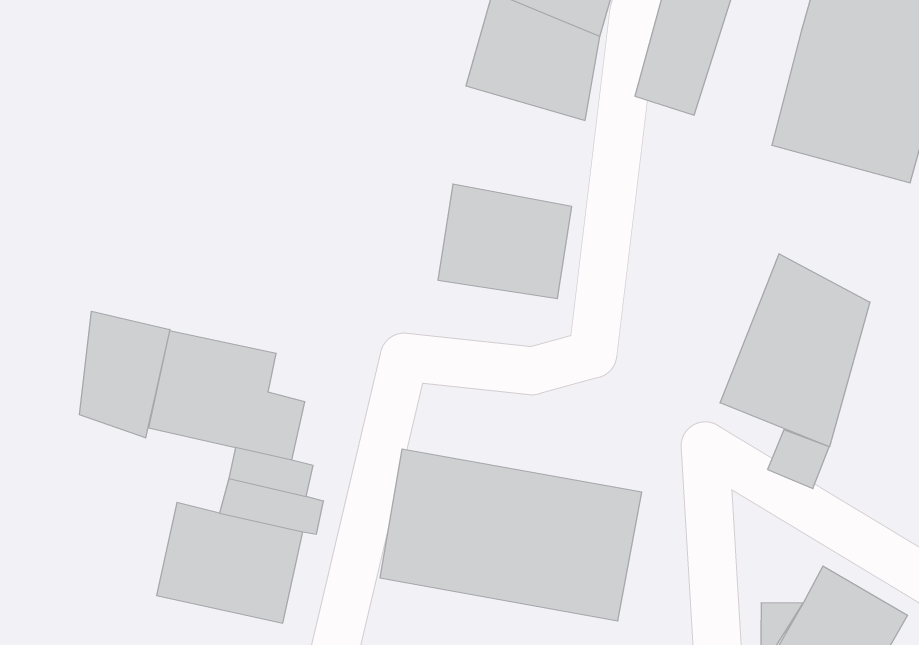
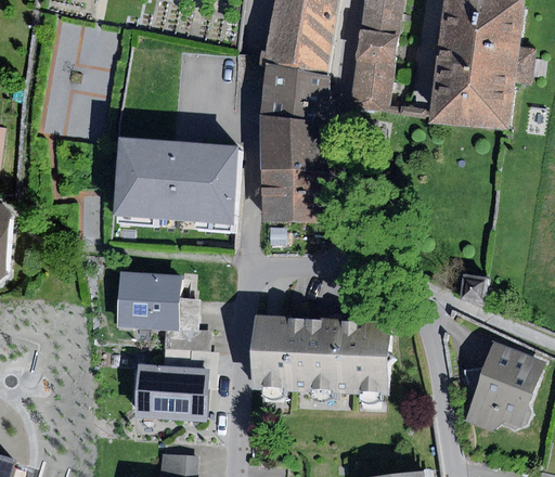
building: none -> [113,137,238,224]
building: none -> [259,115,326,171]
building: [720,254,870,447] -> none
building: [79,311,170,438] -> none

